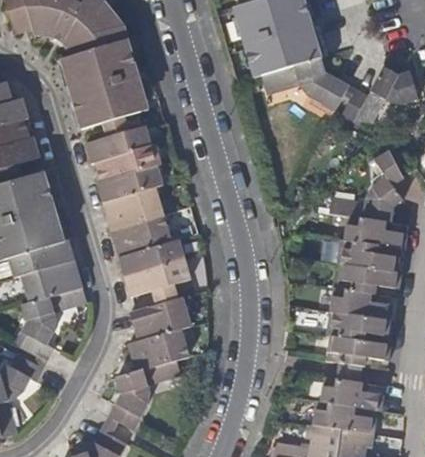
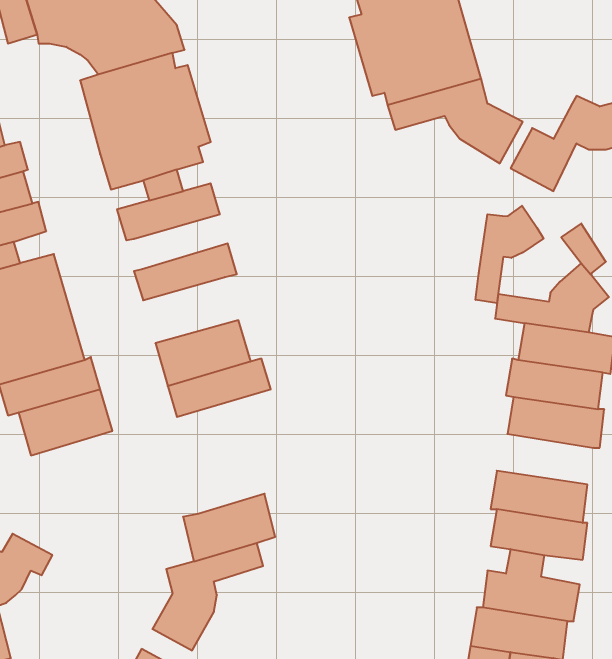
building: none -> [476,206,544,303]
building: [96,143,161,181] -> none
building: [102,186,164,229] -> none
building: [124,259,191,297] -> none
building: [21,286,86,360] -> none
building: [332,287,395,321] -> none
building: [130,297,190,340] -> none

